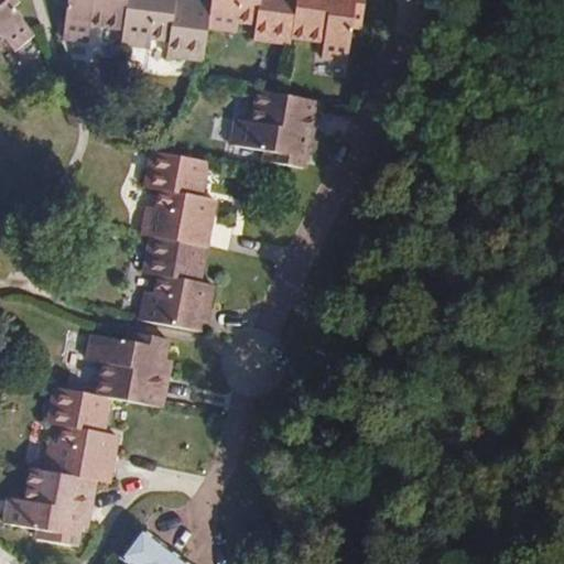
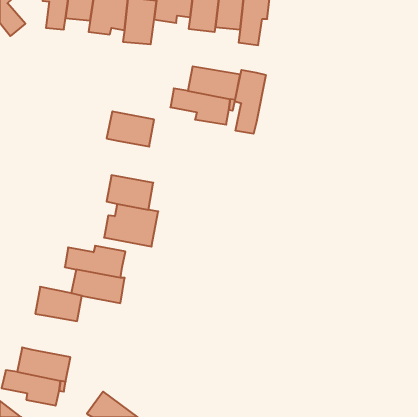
building: none -> [235,70,266,134]
building: [141,189,215,246] -> none
building: [43,424,118,484] -> none

